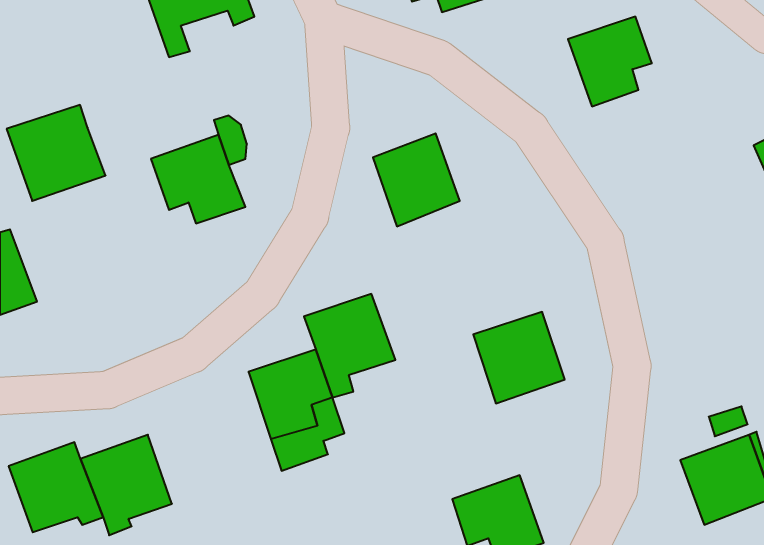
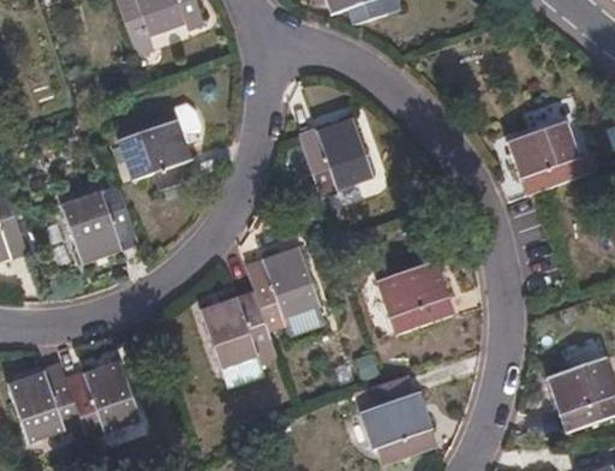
building: [568,17,652,106] -> [507,123,574,195]
building: [7,105,106,201] -> [61,186,141,263]

